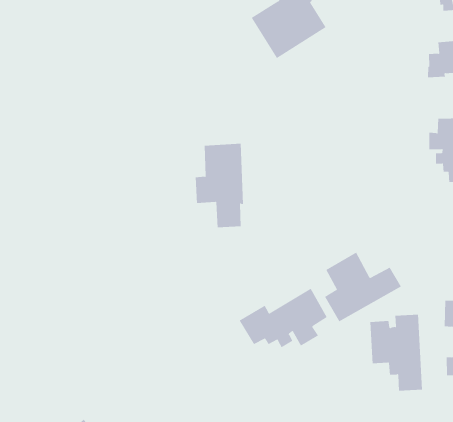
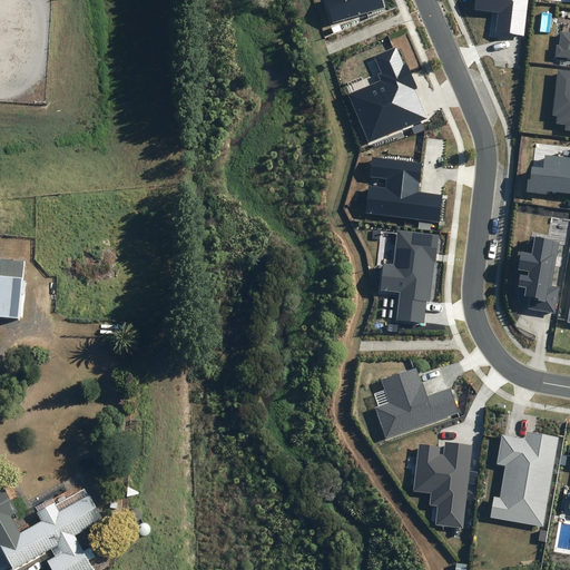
building: none -> [364,157,442,223]
building: [195,143,244,228] -> [379,230,439,325]
building: [239,288,328,348] -> none

